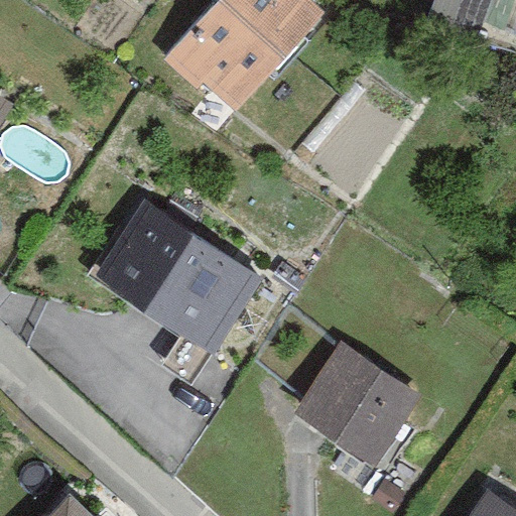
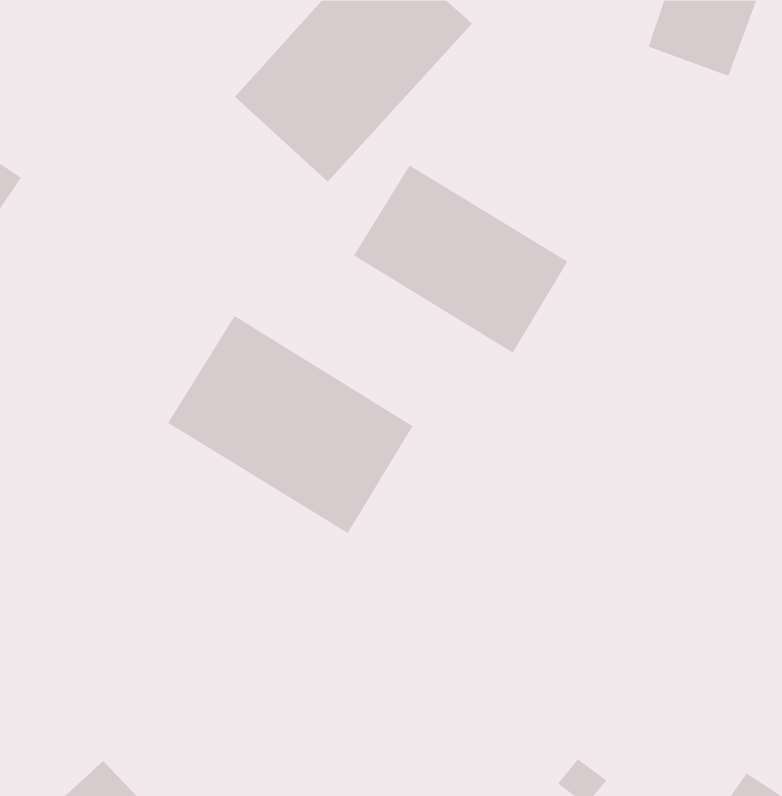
building: none -> [353,165,568,353]
building: [297,347,418,465] -> none

